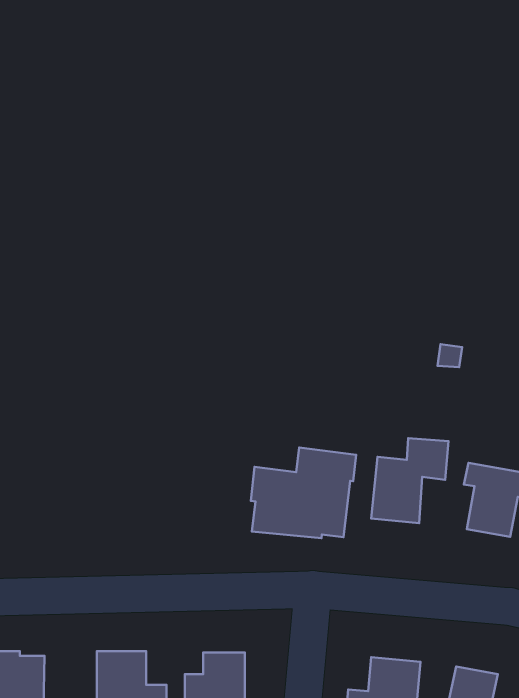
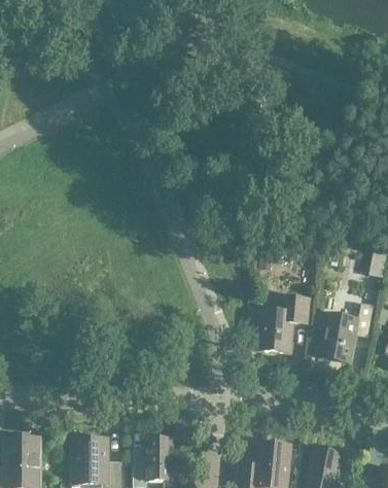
building: [251,448,356,538] -> none

